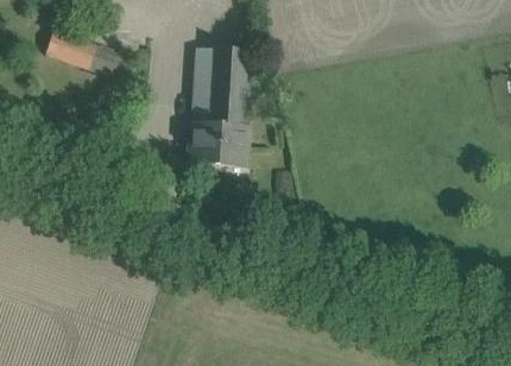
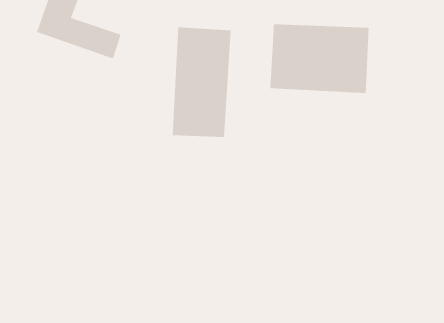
building: none -> [270,24,369,94]

